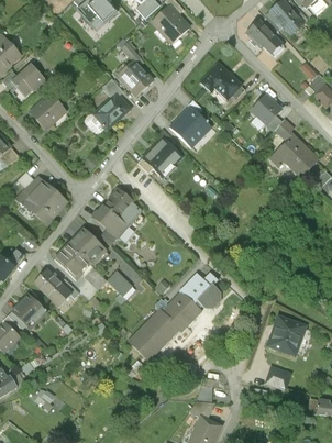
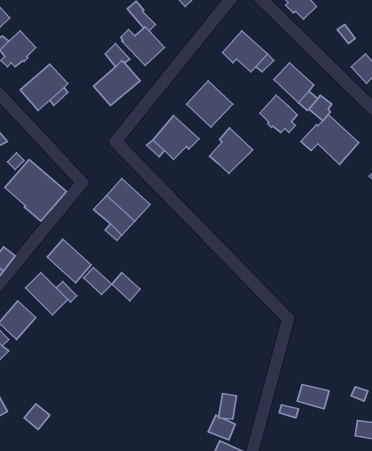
building: none -> [260,95,297,133]
building: none -> [210,128,253,174]
building: [65,228,102,264] -> none
building: [126,270,221,361] -> none
building: [265,312,306,356] -> none

